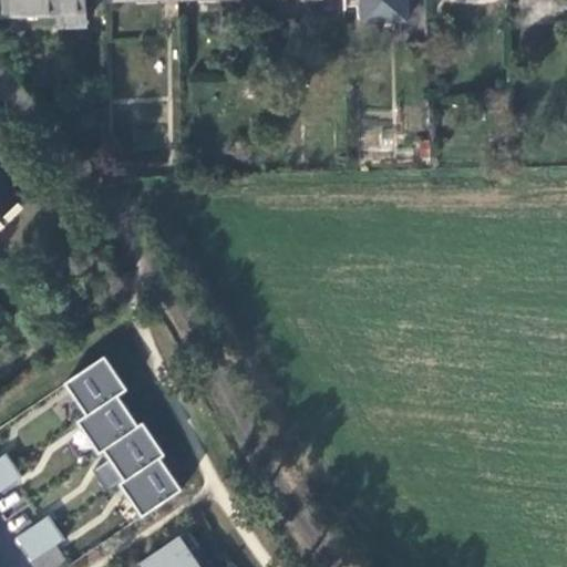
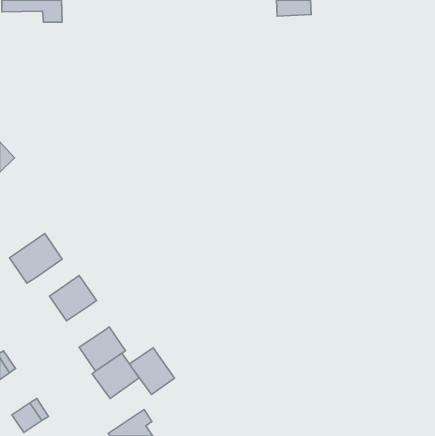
building: none -> [10,234,62,283]
building: [78,396,137,454] -> none
building: none -> [129,348,174,395]

